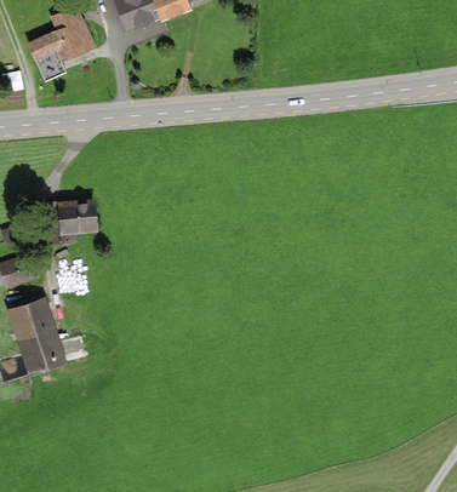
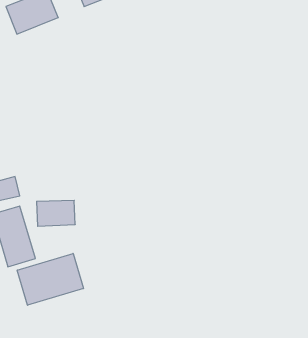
building: [48,199,99,233] -> [37,200,75,226]
building: none -> [17,253,83,305]

